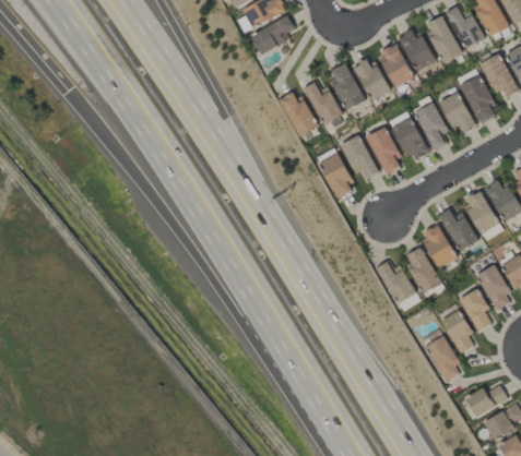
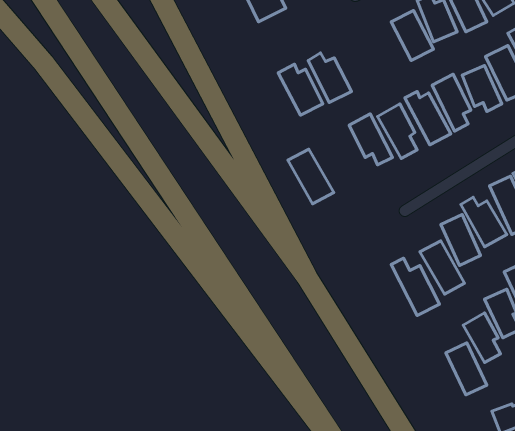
building: [355,58,391,101] -> none
building: [333,62,365,110] -> none
building: [316,148,356,196] -> [288,149,334,204]

